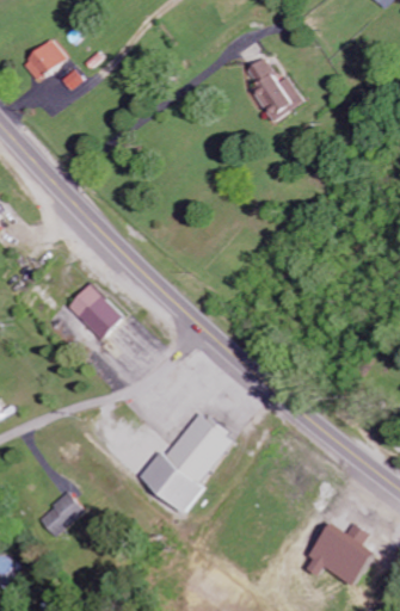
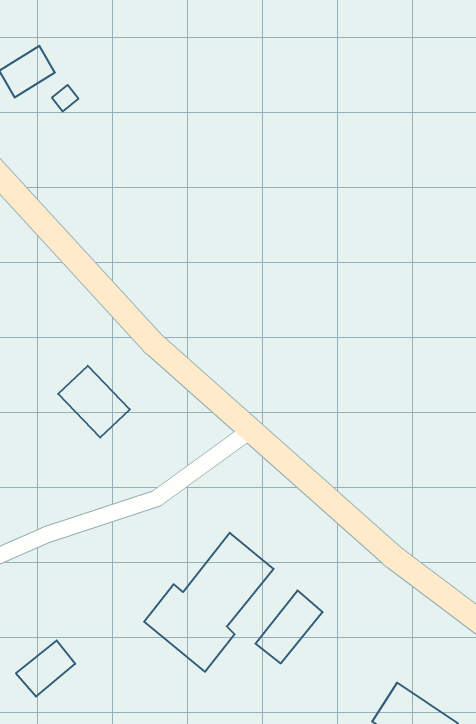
building: [246,56,303,121] -> none
building: none -> [255,590,323,663]

